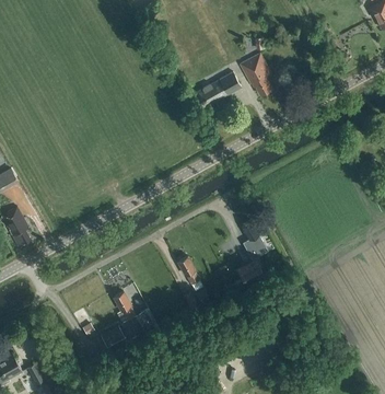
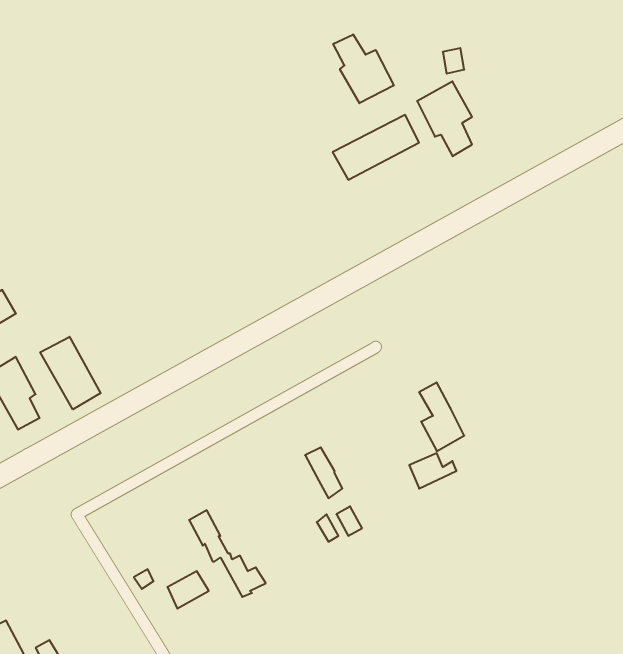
building: none -> [333,34,394,103]
building: none -> [40,337,101,409]

